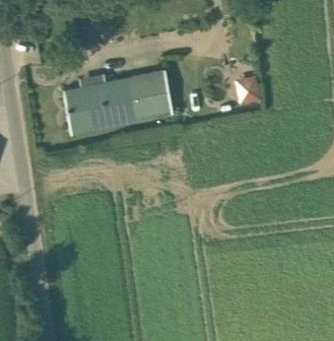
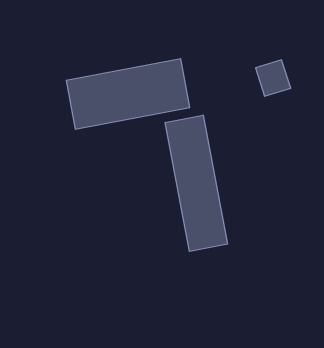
building: none -> [165,115,227,251]

